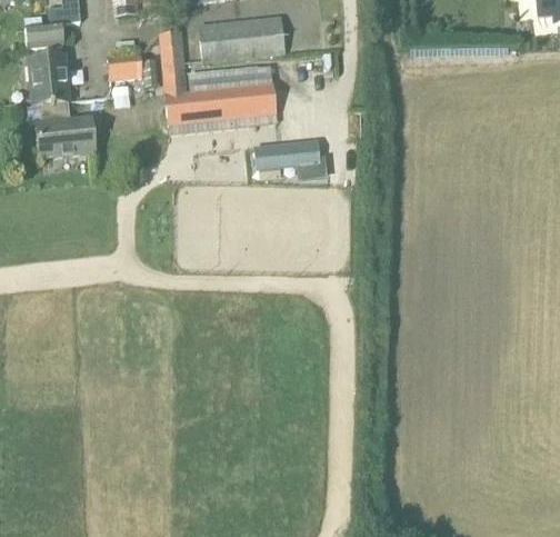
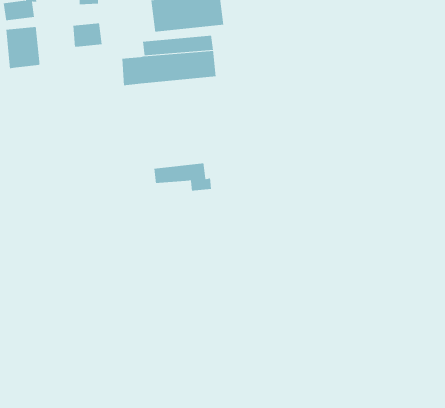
building: [159,31,187,93] -> none
building: [34,101,94,159] -> none
building: [252,139,321,172] -> [153,163,212,191]

